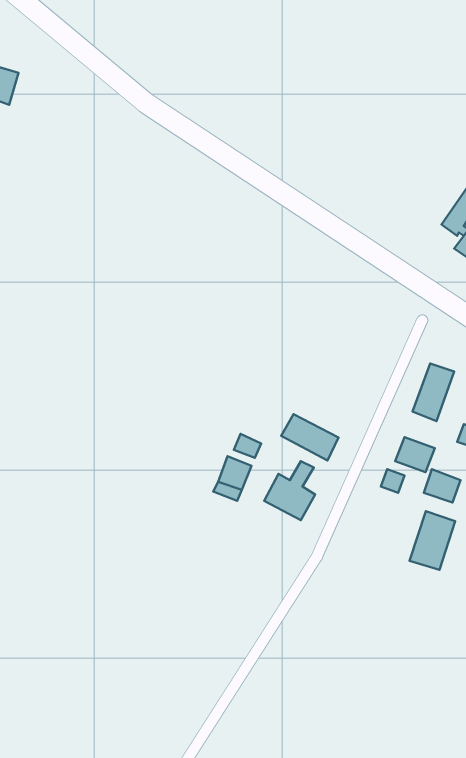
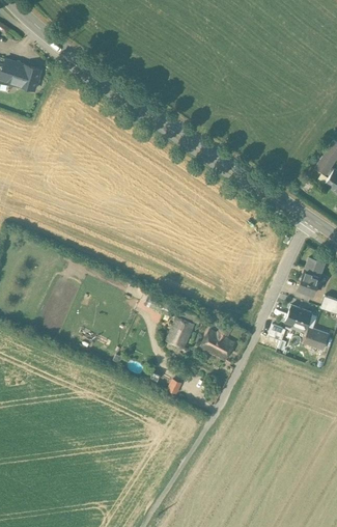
building: [281,414,339,460] -> none
building: [409,511,455,570] -> none

